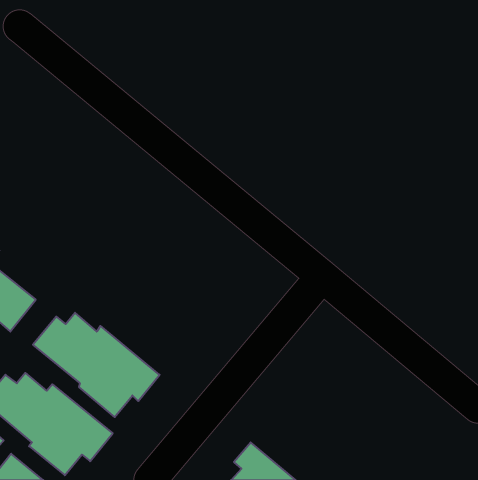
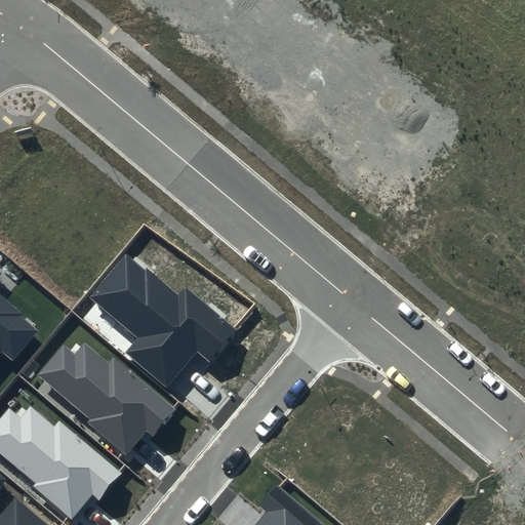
building: none -> [87,253,234,388]

